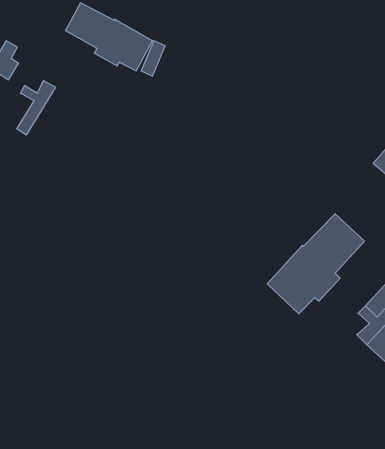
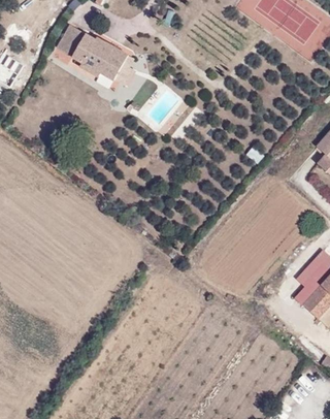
building: [17,80,56,135] -> none
building: [267,214,364,314] -> none

